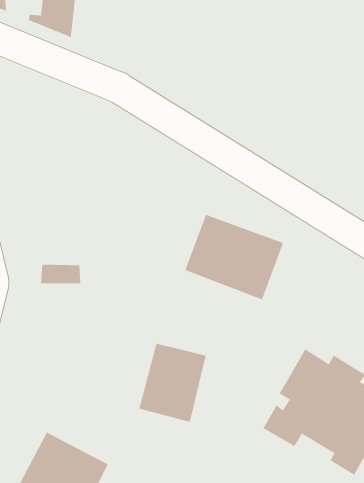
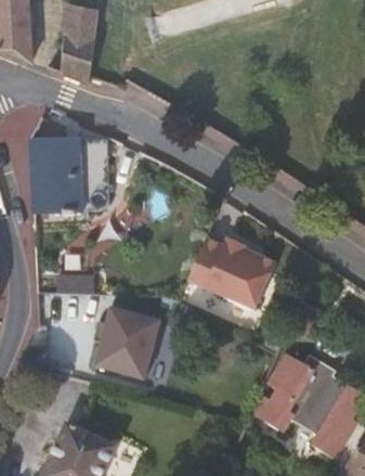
building: none -> [34,143,110,216]
building: [138,343,207,423] -> [95,310,155,379]

